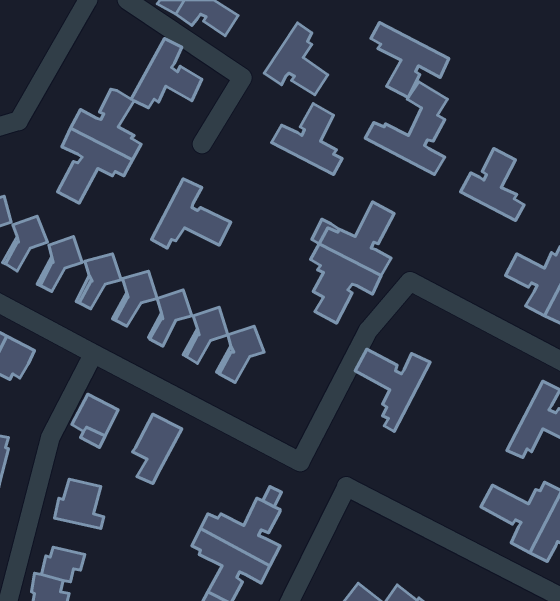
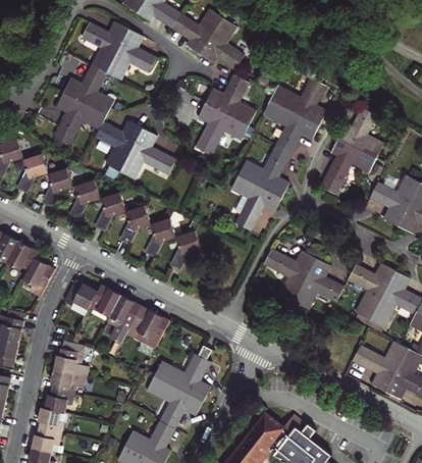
building: none -> [172,11,223,54]
building: [371,22,449,98] -> [265,100,320,153]
building: none -> [82,22,129,72]
building: none -> [197,103,249,156]
building: none -> [96,122,143,171]
building: none -> [321,138,377,195]
building: none -> [292,258,345,311]
building: none -> [23,259,54,293]
building: none -> [349,264,397,320]
building: none -> [91,284,121,318]
building: none -> [126,305,171,350]
building: none -> [49,368,85,394]

